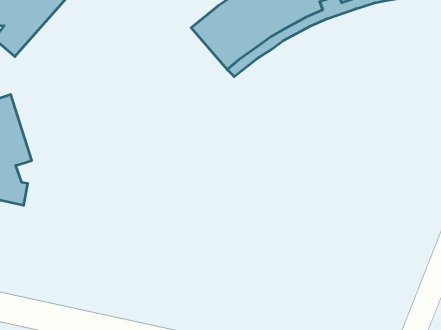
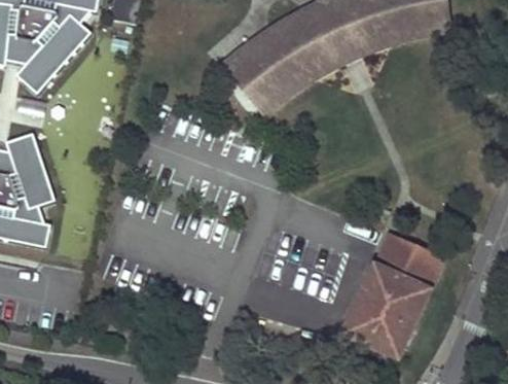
building: none -> [343,232,443,357]

